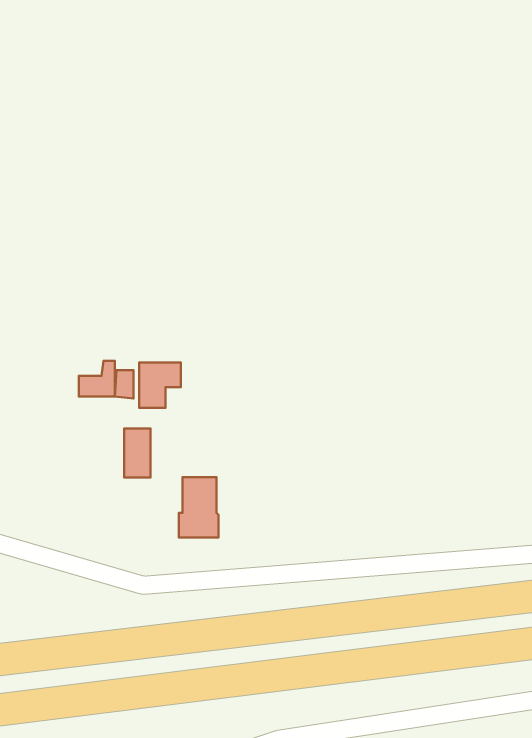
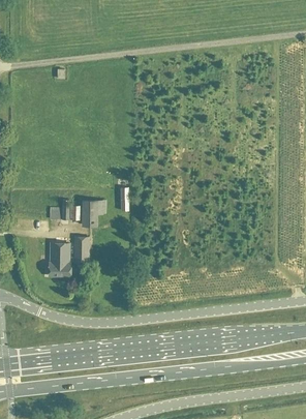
building: [179,477,218,537] -> [48,242,69,275]

